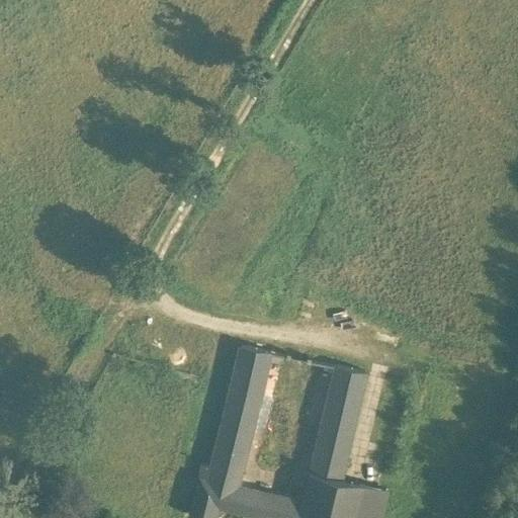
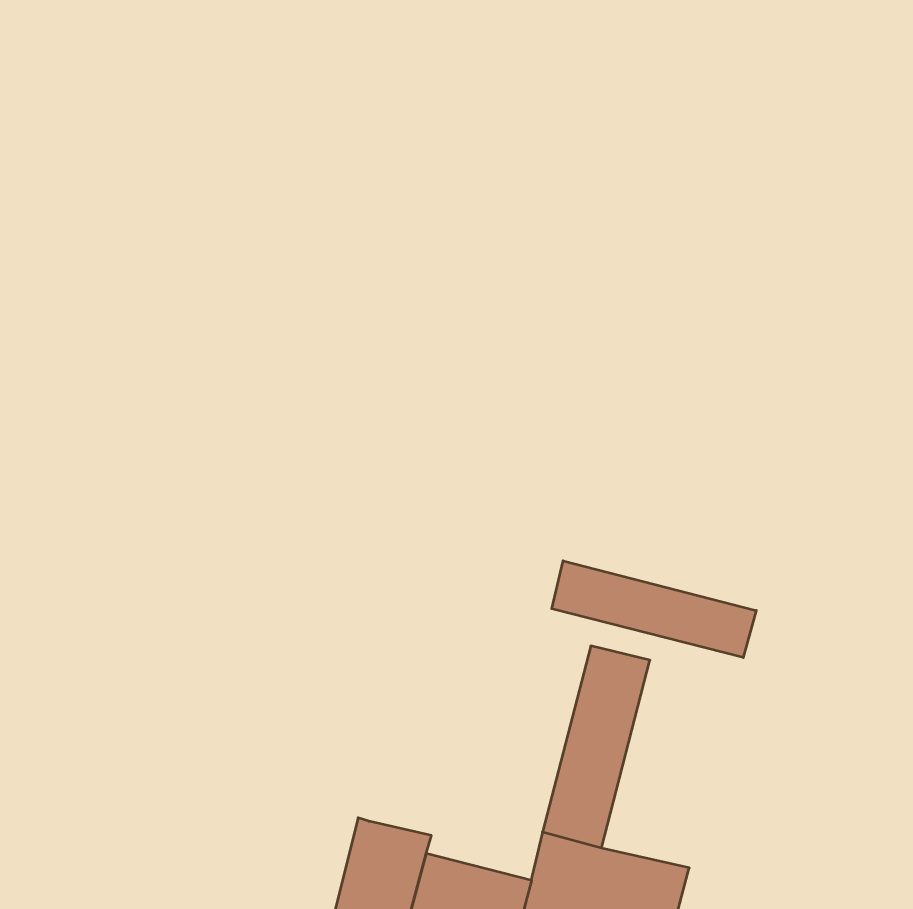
building: none -> [552,561,756,658]
building: [209,343,274,476] -> none

